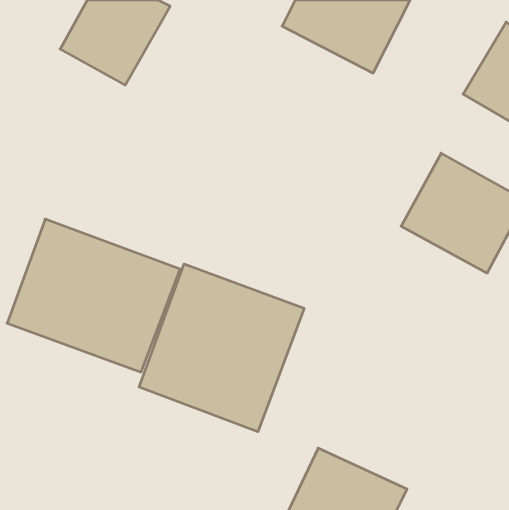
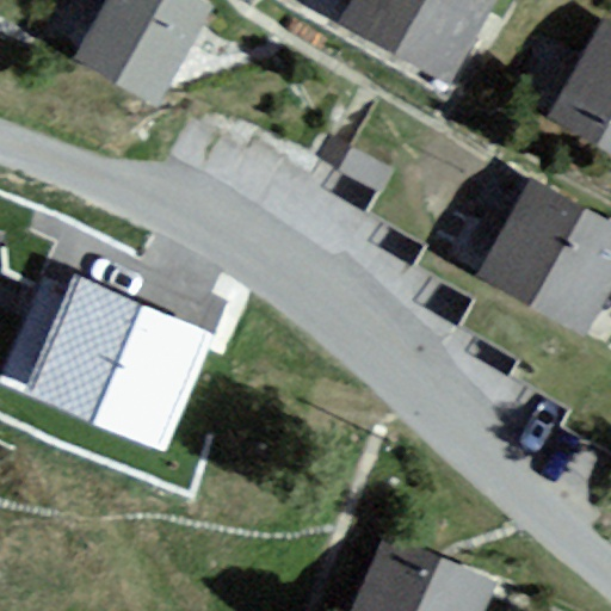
building: [139,264,304,432] -> none

